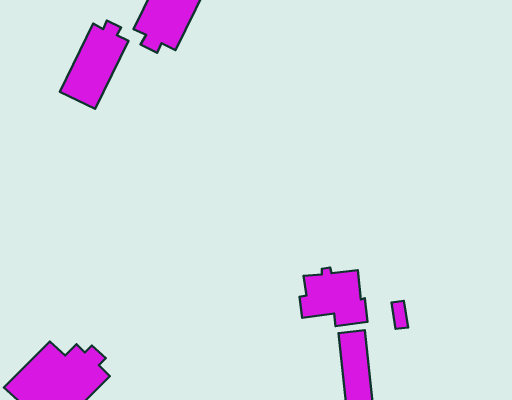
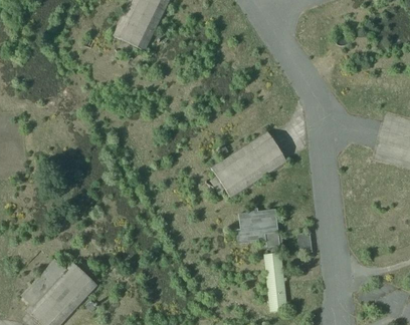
building: [60,21,129,109] -> none
building: none -> [212,131,285,196]

